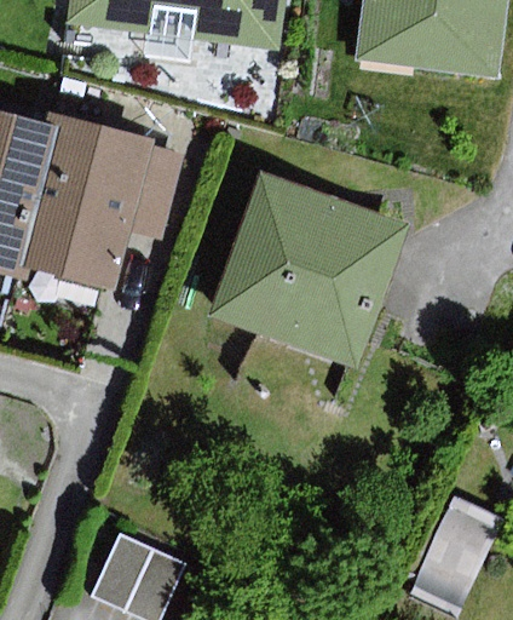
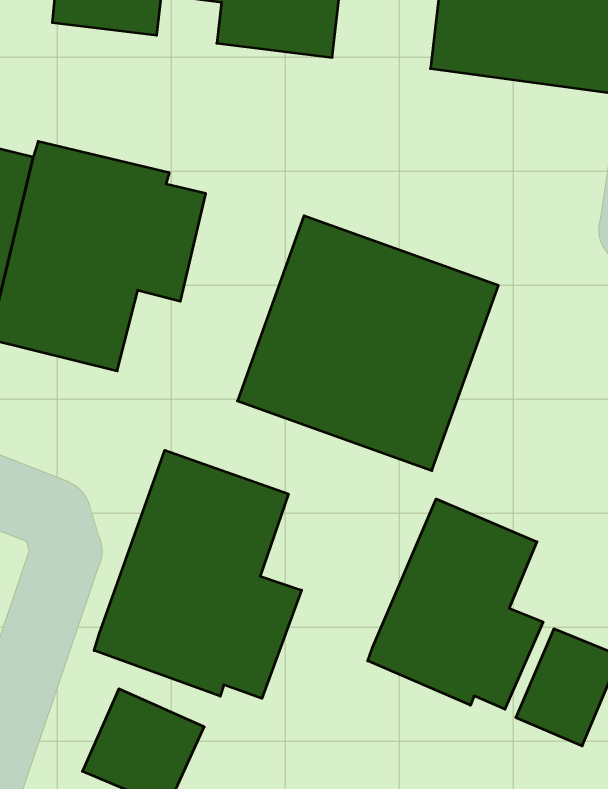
building: none -> [94,450,302,698]
building: none -> [368,499,543,709]

